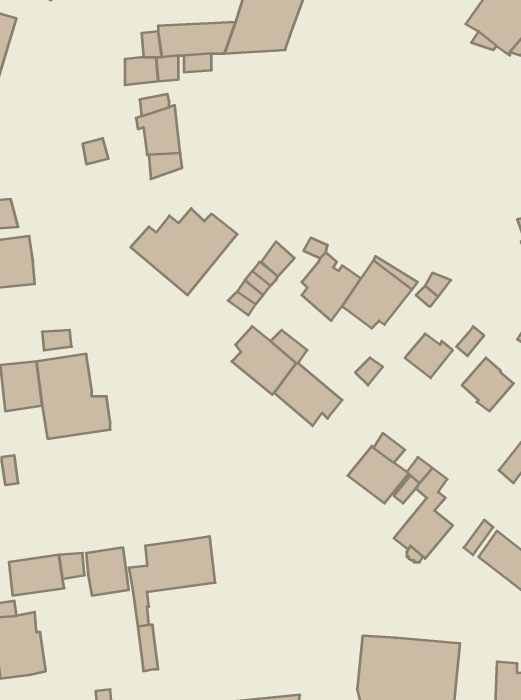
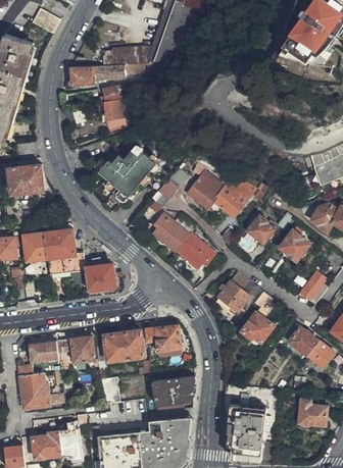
building: none -> [66,66,93,87]
building: none -> [85,265,114,291]
building: none -> [144,326,180,351]
building: none -> [151,376,194,413]

